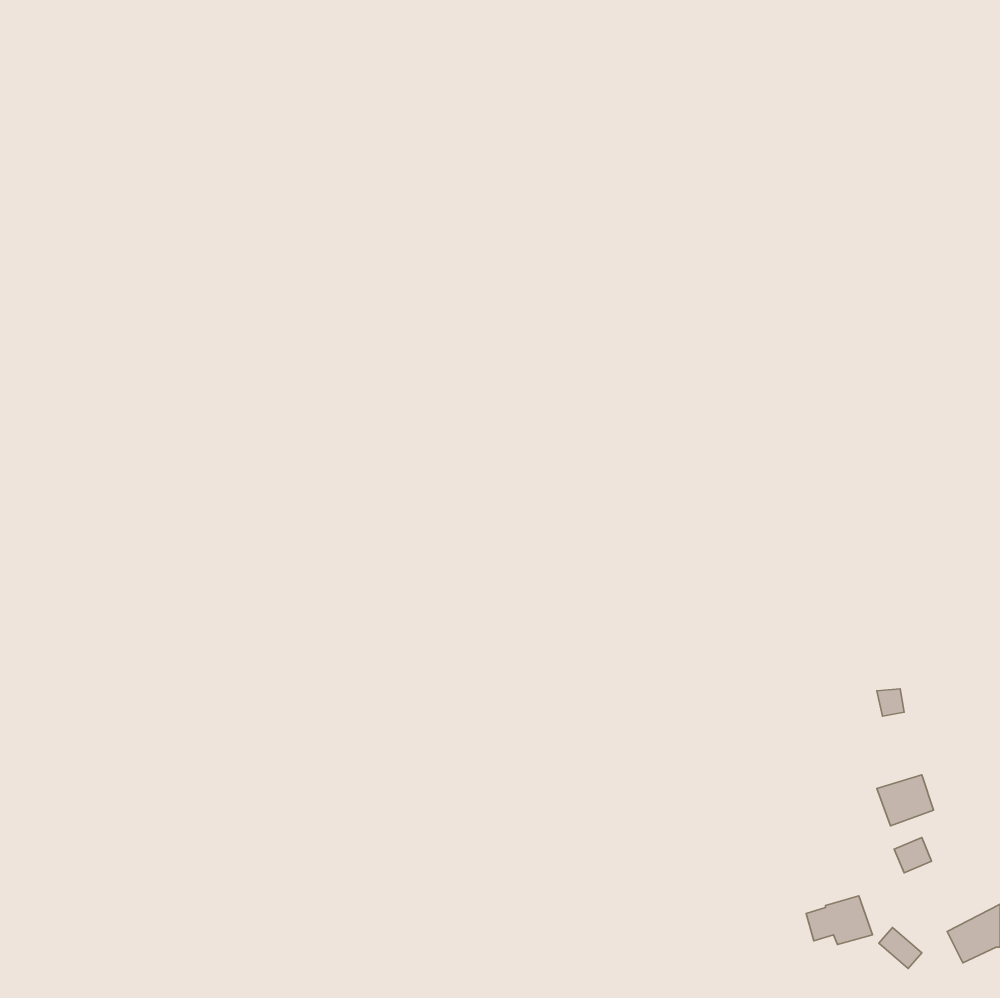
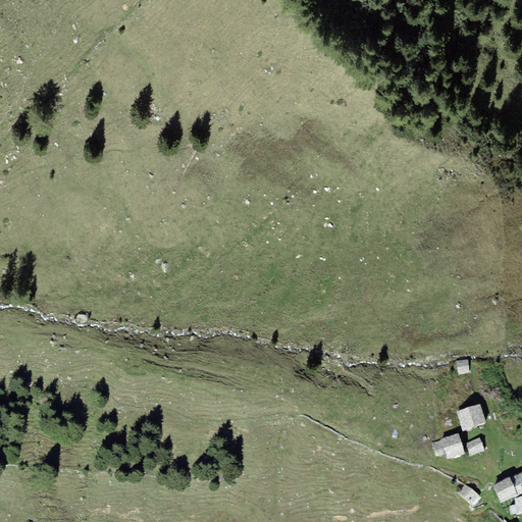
building: [806,896,873,945] -> [431,432,466,458]

